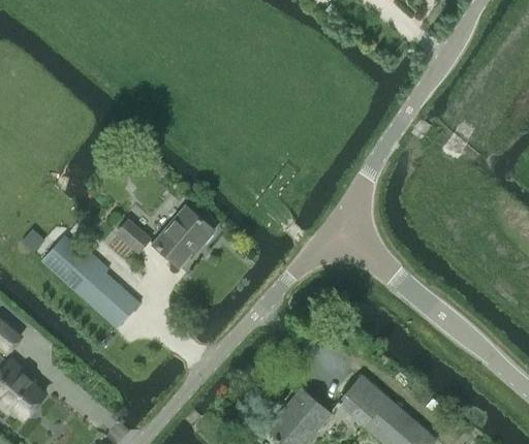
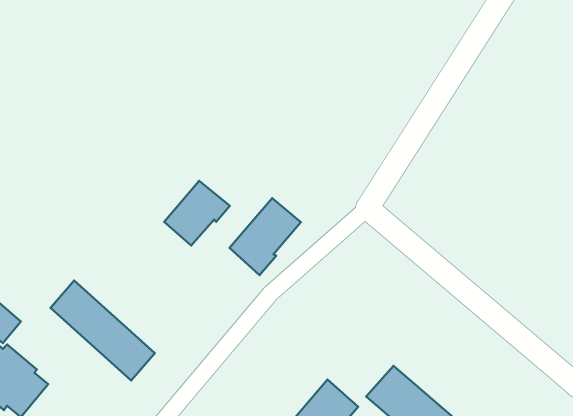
building: [116,218,151,252] -> none
building: none -> [230,198,301,275]
building: [42,236,137,327] -> [50,280,155,380]

